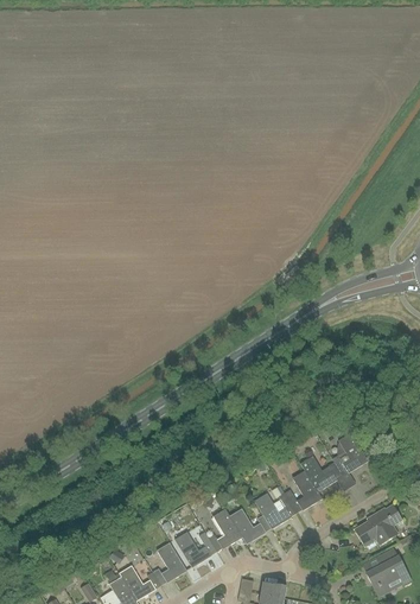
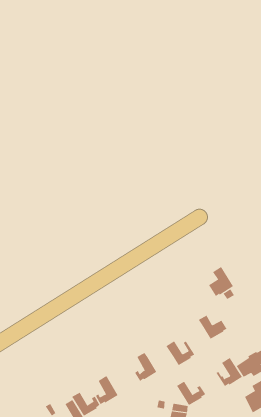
building: [331,431,368,475] -> [208,266,234,297]
building: [282,469,322,511] -> [215,357,243,387]
building: [228,508,271,543] -> [176,381,206,406]
building: [173,530,216,567] -> none

